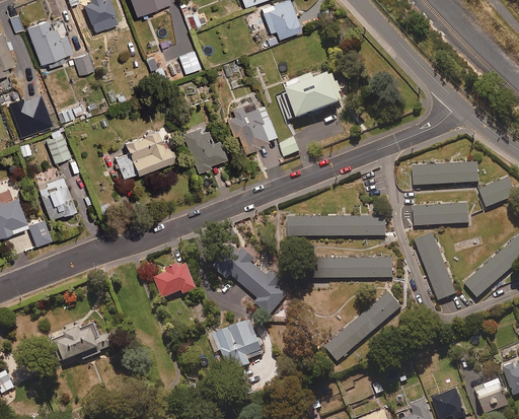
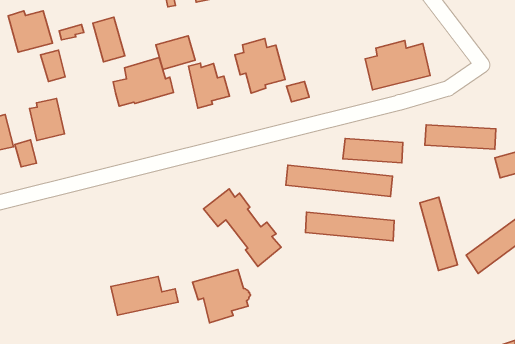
building: [277,72,340,122] -> [365,40,430,90]
building: none -> [93,17,125,62]
building: none -> [156,36,195,69]
building: [414,204,469,225] -> [343,138,403,163]
building: [155,264,198,297] -> none
building: [325,291,401,361] -> none
building: [52,322,117,362] -> [111,276,178,315]

